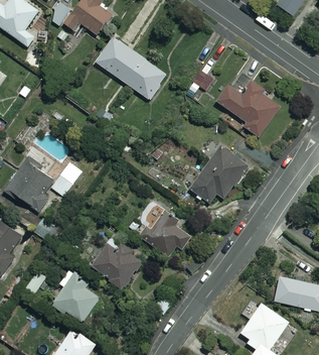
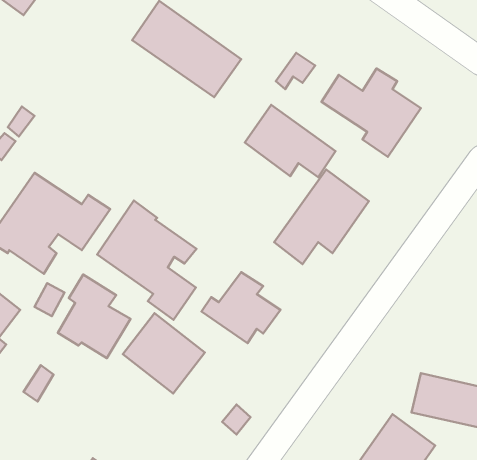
building: none -> [245,105,335,177]
building: none -> [97,201,197,320]
building: [53,267,100,321] -> [58,275,130,358]

